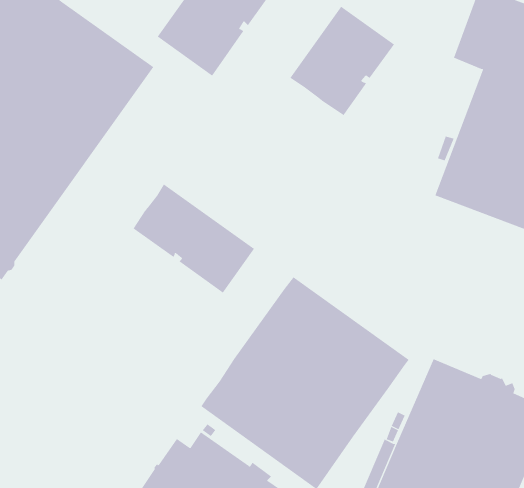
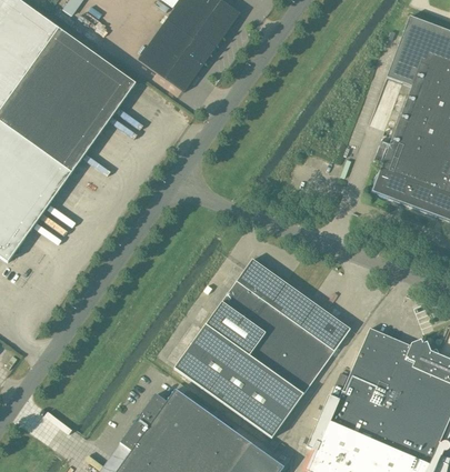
building: [290,6,395,117] -> none
building: [132,183,255,293] -> none

